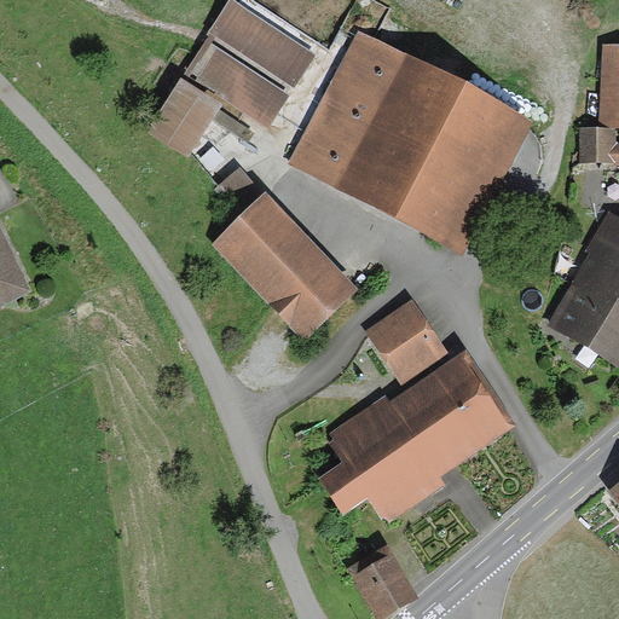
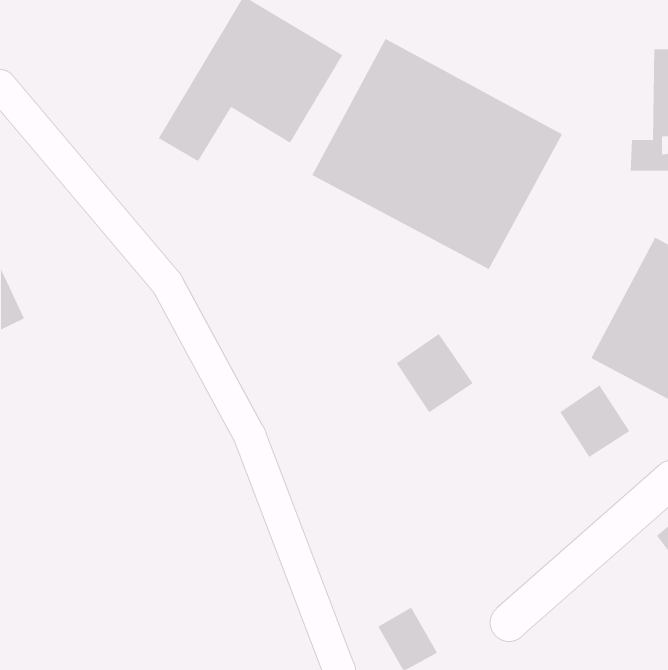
building: [218,163,359,339] -> none
building: [316,352,508,510] -> none
building: none -> [560,385,630,458]

